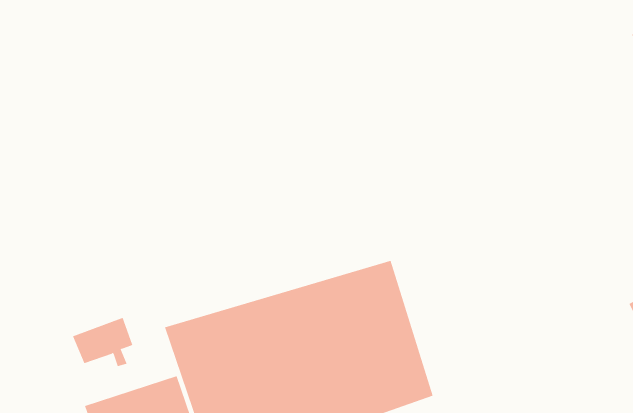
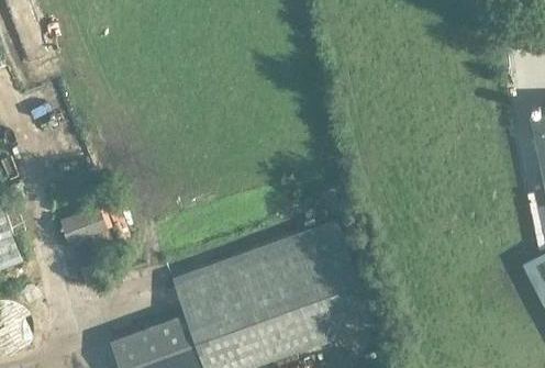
building: [72,317,133,367] -> [59,205,105,243]

